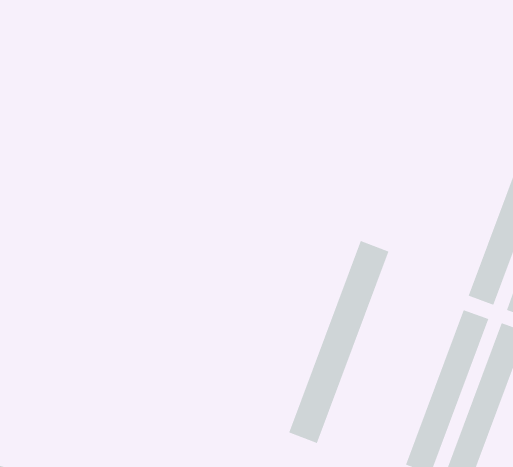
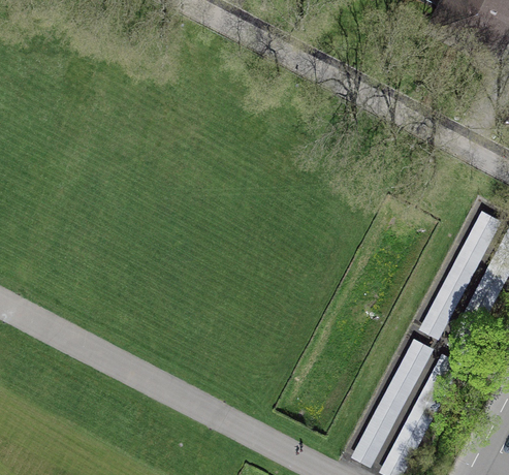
building: [288,240,389,444] -> none

